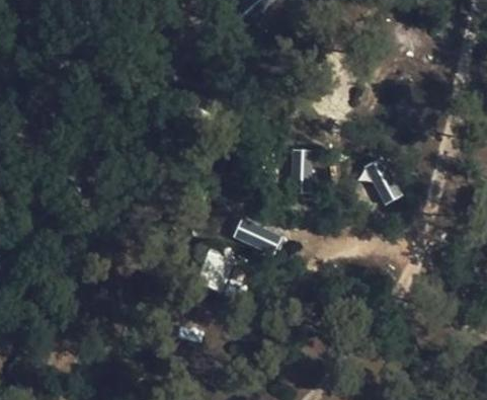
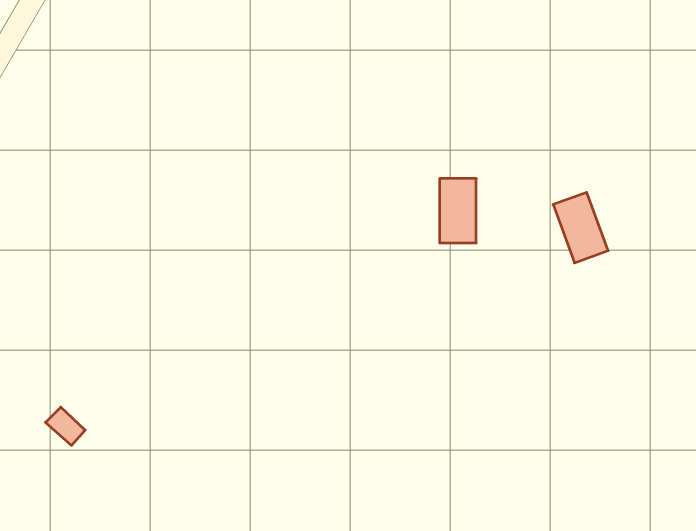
building: [233,216,283,256] -> none

